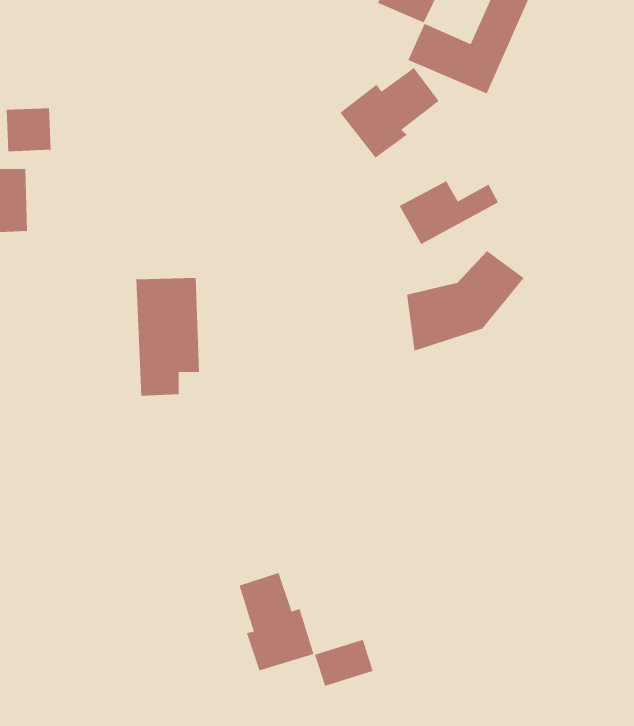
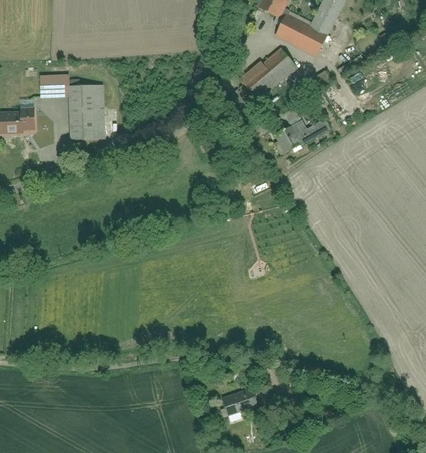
building: [406,250,524,352] -> none
building: [135,278,200,396] -> [66,81,104,151]
building: [239,572,314,671] -> none

